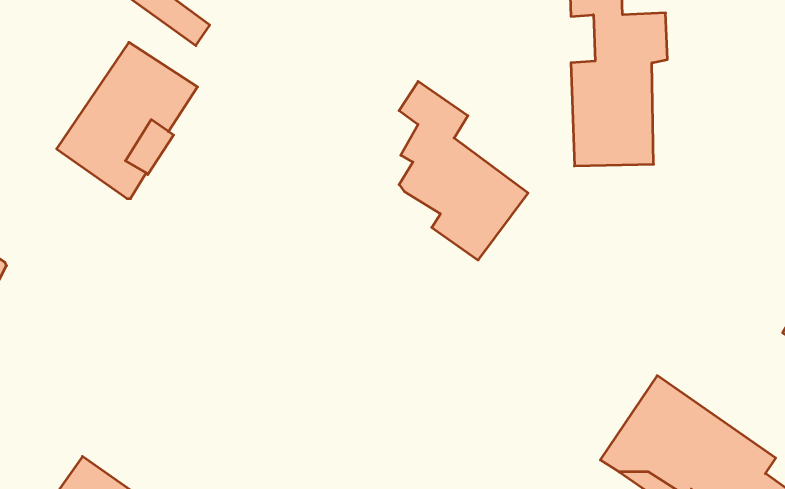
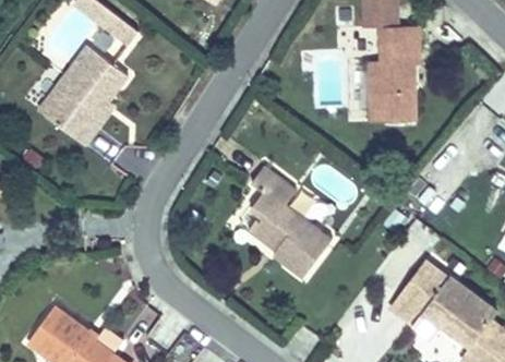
building: [399,81,528,260] -> [249,169,330,282]

